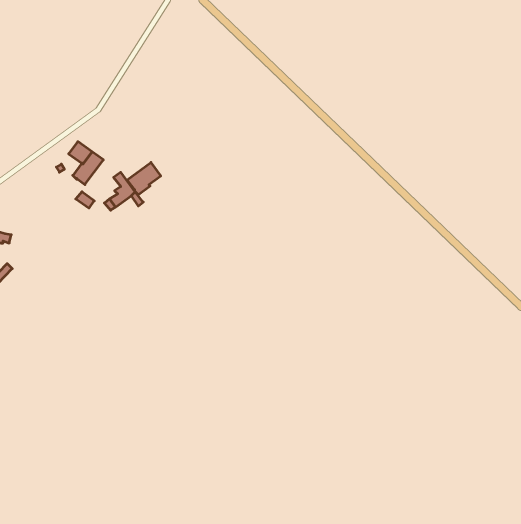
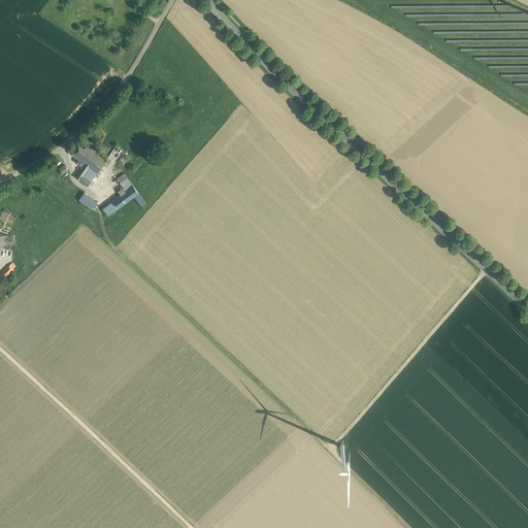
building: [127,162,161,195] -> none

